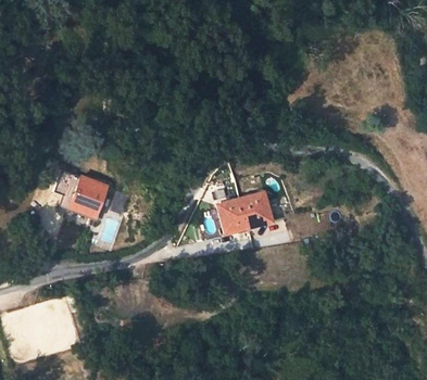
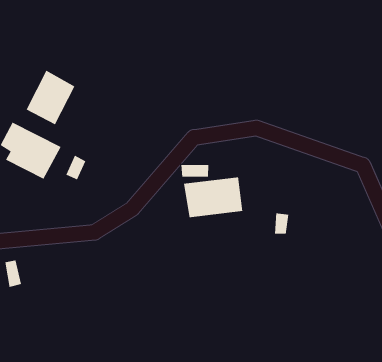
building: none -> [26,70,75,125]

